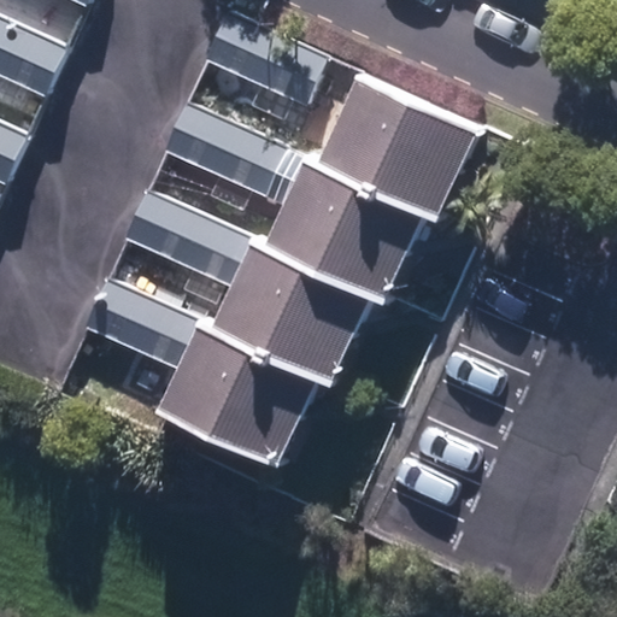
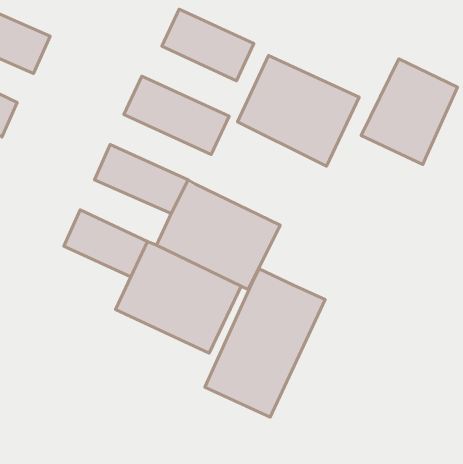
building: none -> [361,59,457,164]
building: [259,154,423,304] -> none
building: none -> [205,269,325,417]

